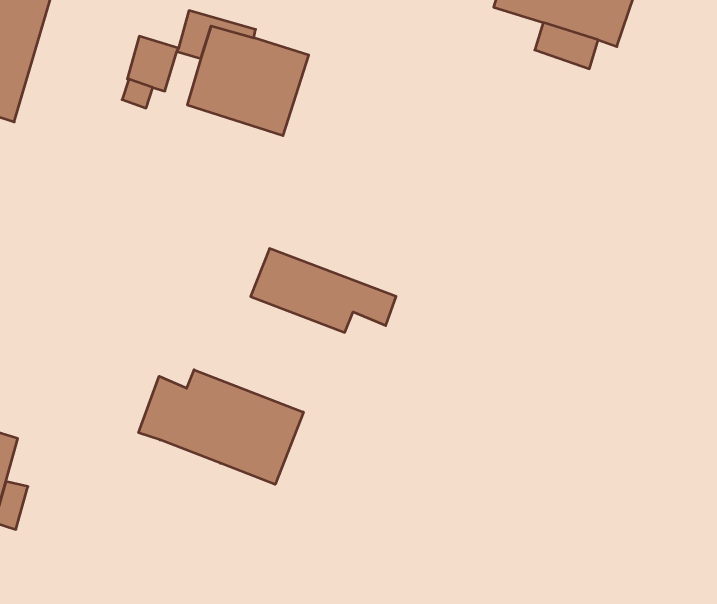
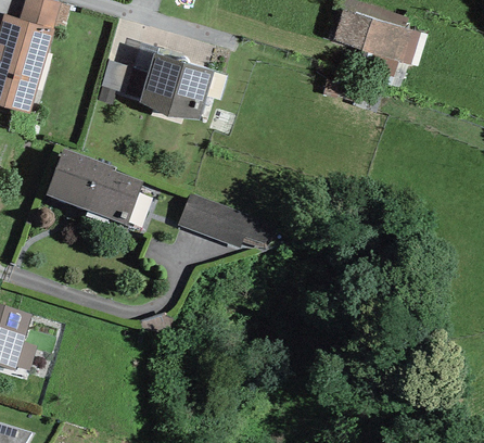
building: none -> [44,148,142,225]
building: [139,370,303,484] -> none

